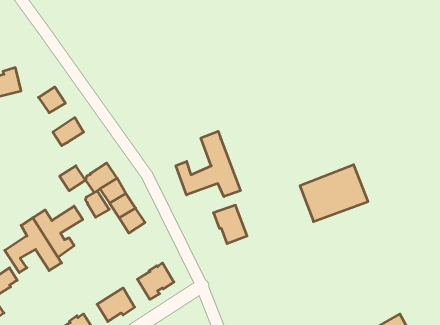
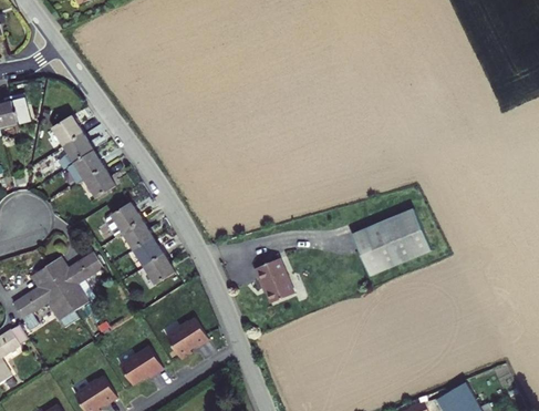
building: none -> [60,135,94,171]
building: [176,131,240,197] -> none
building: [60,166,86,191] -> [85,168,115,197]
building: [86,191,109,217] -> none

